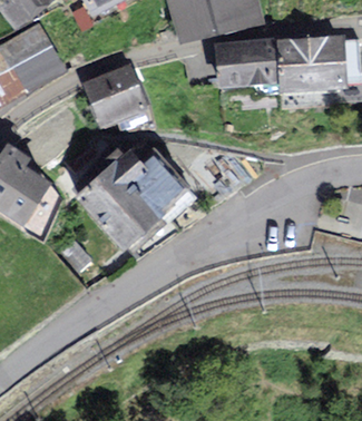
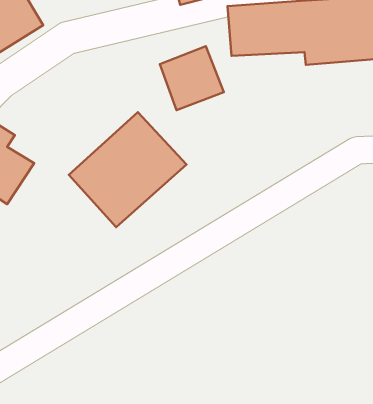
building: [88,66,144,121] -> [160,46,224,110]

